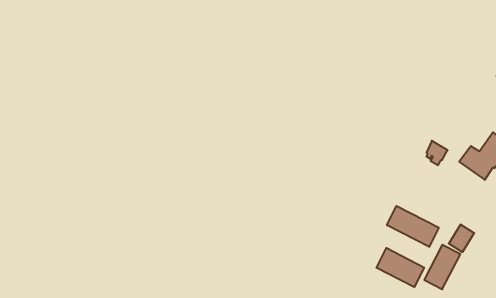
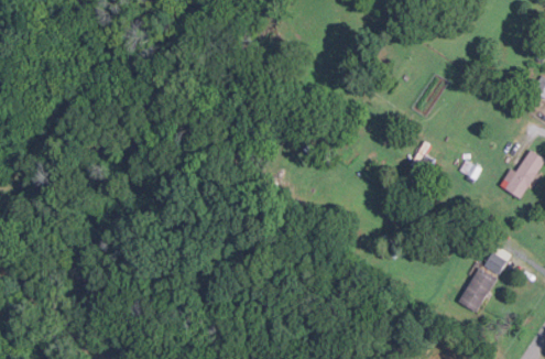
building: [387,206,439,247] -> none
building: [376,248,424,287] -> none

